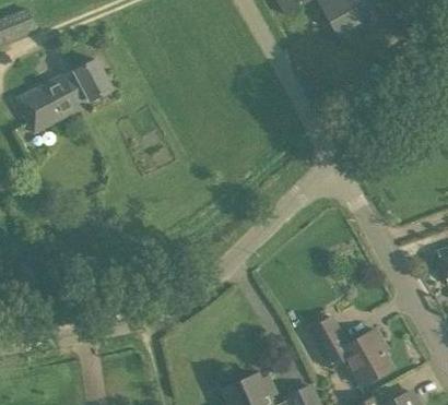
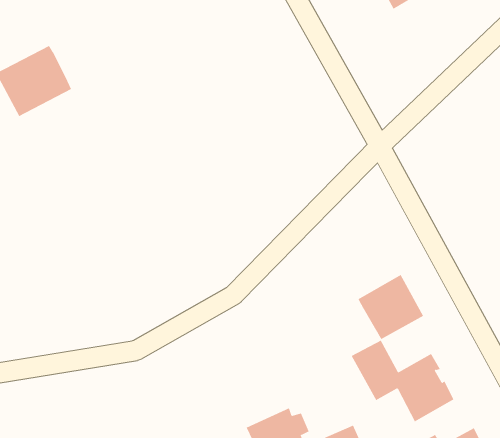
building: [64,59,114,104] -> none
building: none -> [358,274,424,340]

